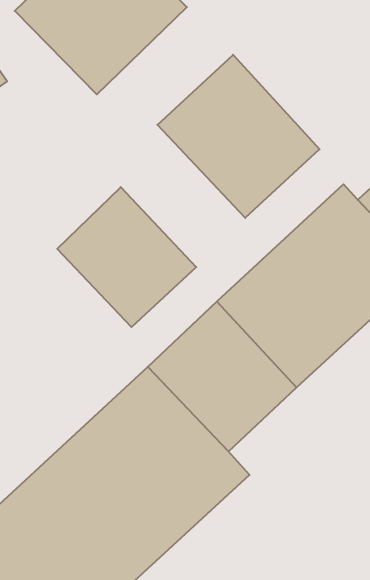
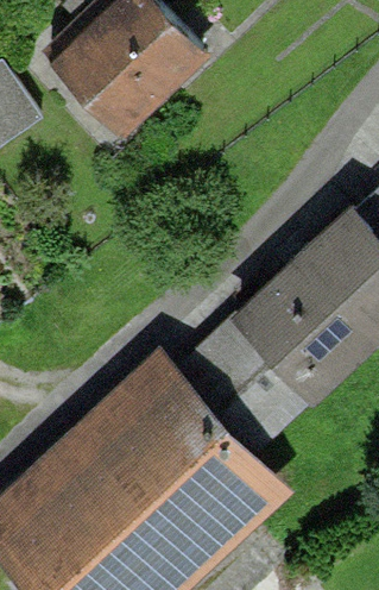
building: [157,55,320,218] -> none
building: [57,187,196,327] -> none

